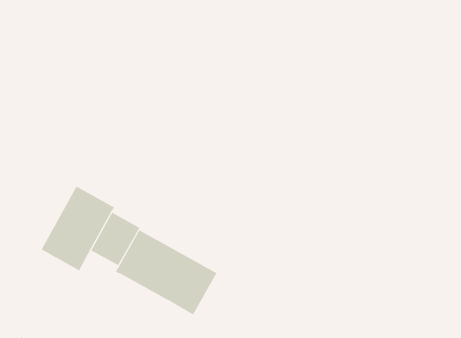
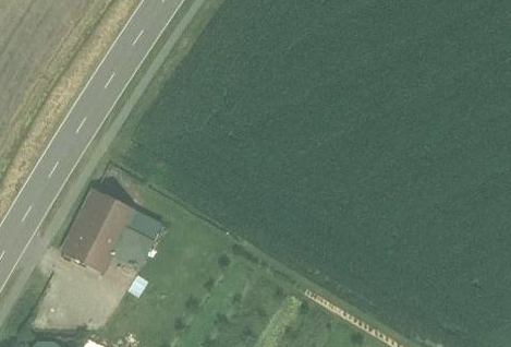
building: [115,229,217,316] -> none

